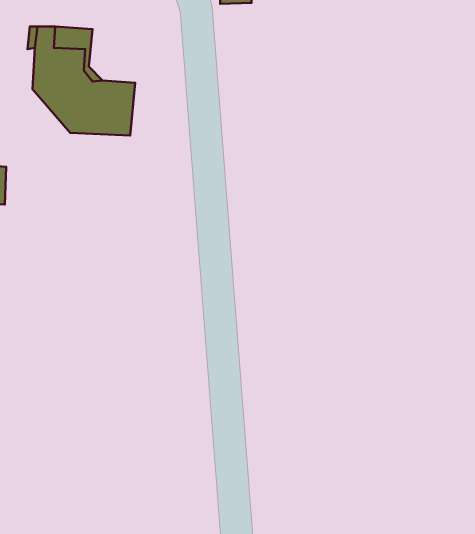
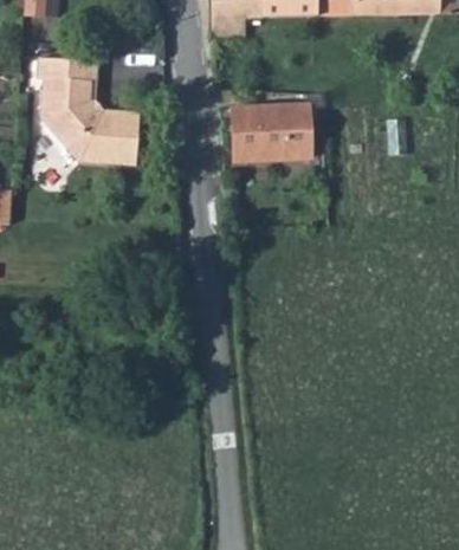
building: none -> [232,104,315,162]

